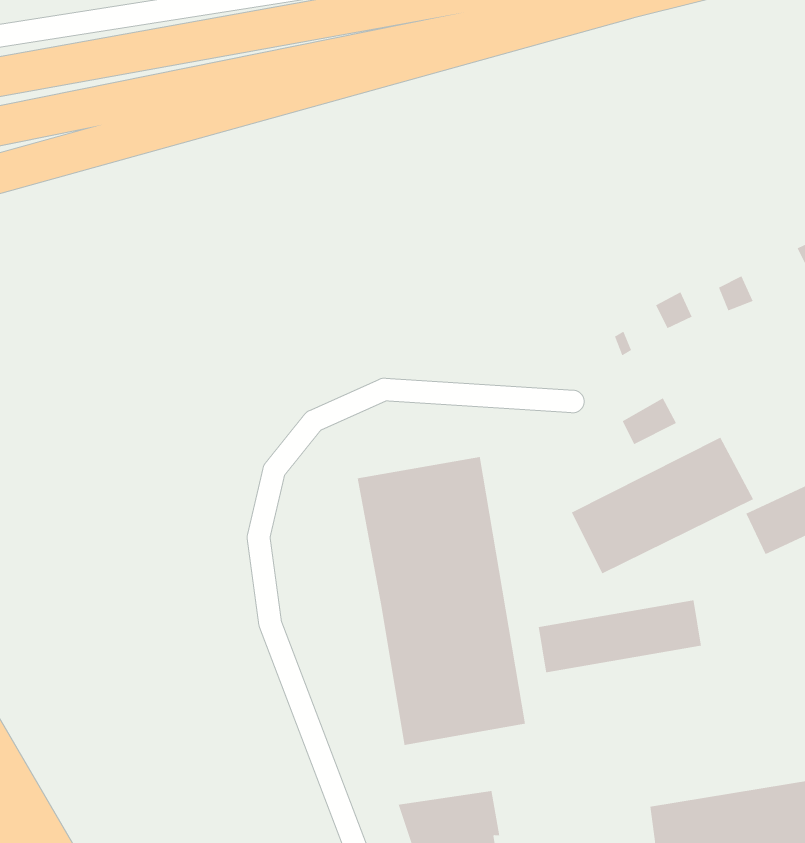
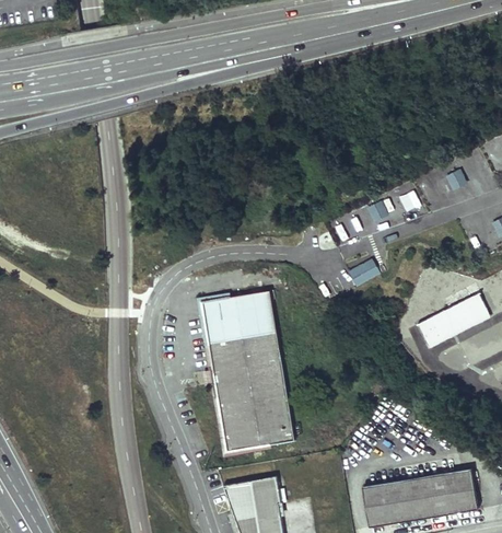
building: [571,437,754,574] -> none
building: [538,599,702,673] -> none

